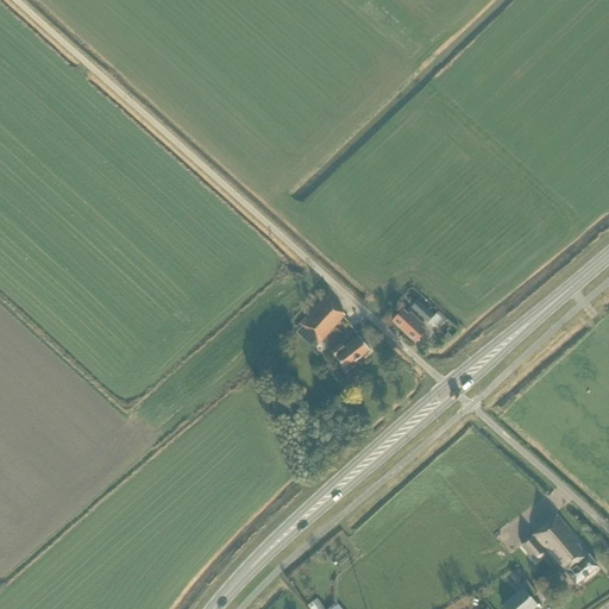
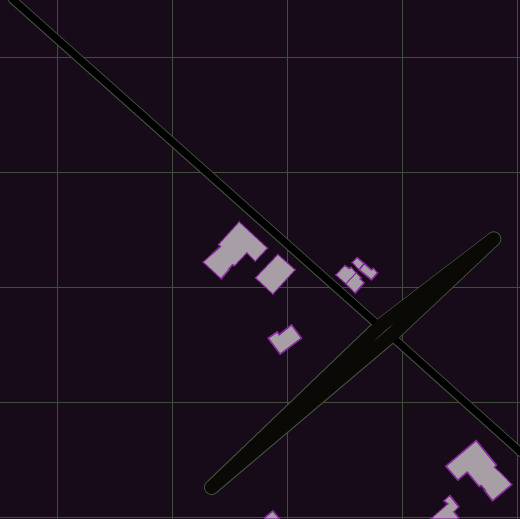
building: none -> [203,222,268,279]
building: [331,335,370,370] -> [268,325,302,354]

